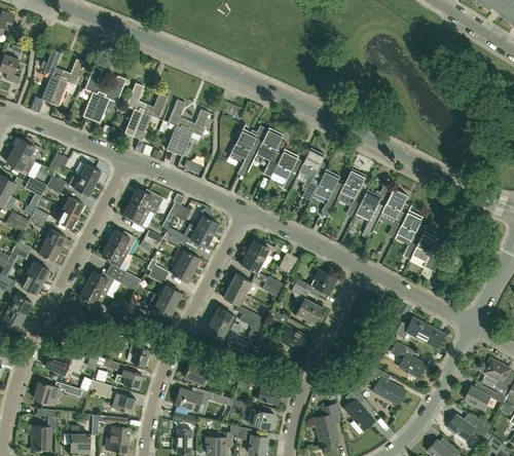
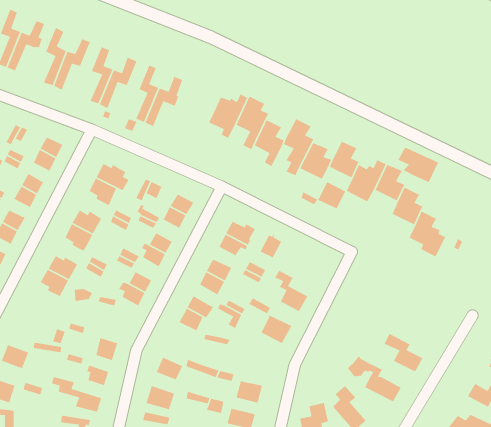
building: none -> [397,147,439,183]
building: [295,269,336,295] -> [301,181,346,210]
building: [395,316,444,348] -> none

